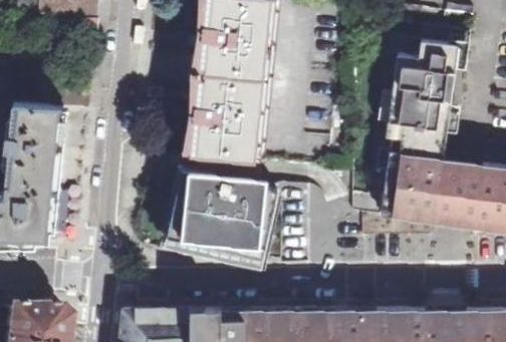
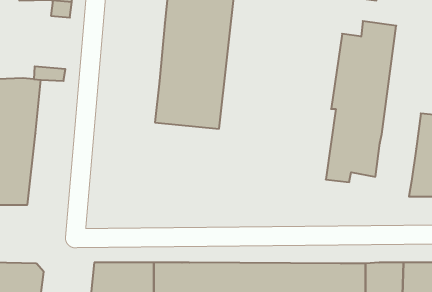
building: [154,169,273,266] -> none
building: [436,176,481,218] -> none

